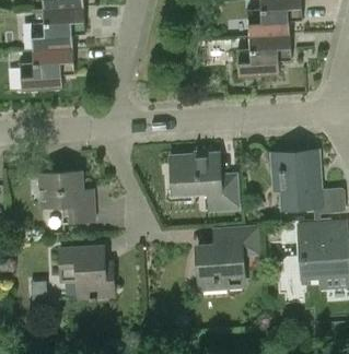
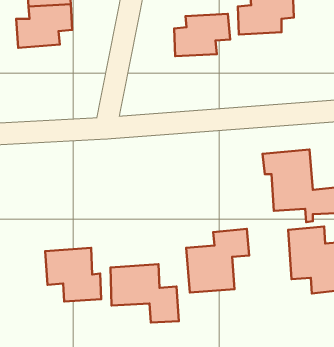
building: [237,35,292,76] -> [174,14,230,56]
building: [21,47,74,90] -> none
building: [171,153,237,210] -> [110,264,179,322]
building: [38,170,96,222] -> none

